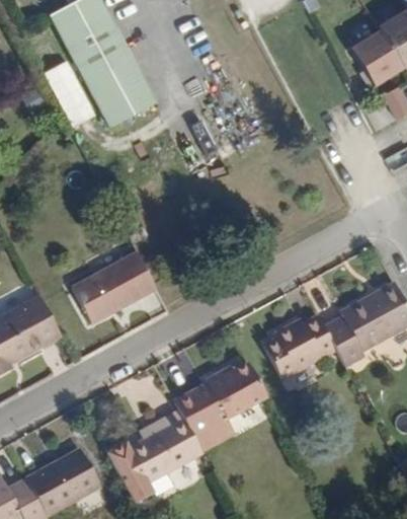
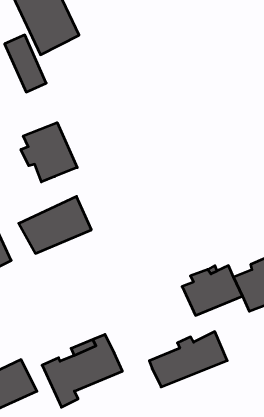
building: [82,56,151,125] -> none
building: none -> [21,123,77,182]
building: [176,362,269,432] -> [149,332,227,387]

